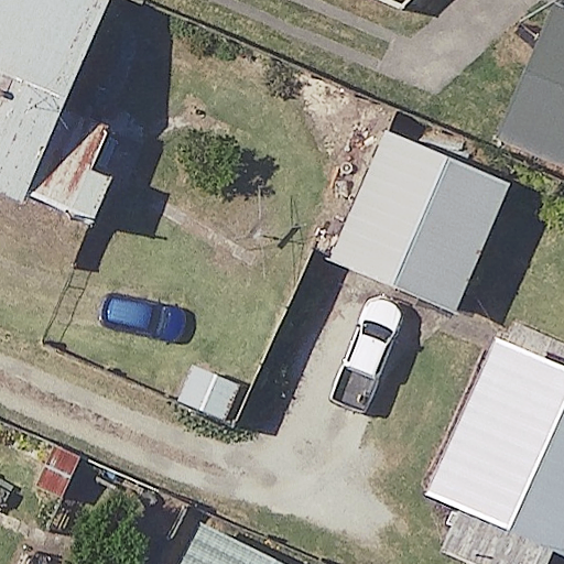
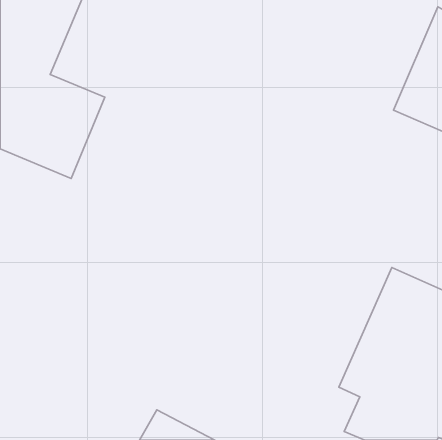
building: [323,130,509,313] -> none

